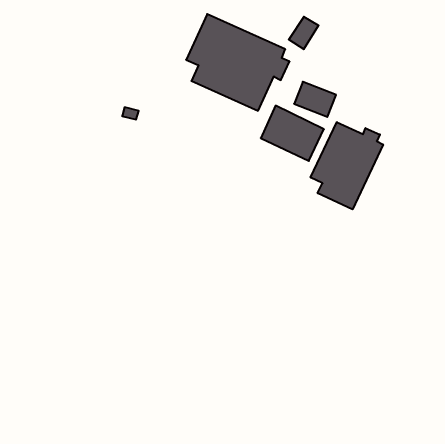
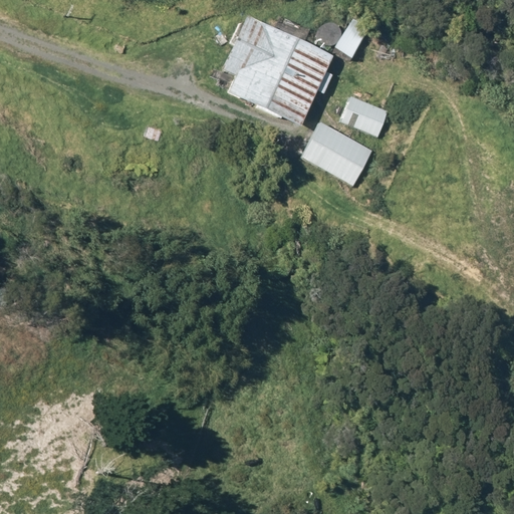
building: [311,122,383,209] -> none

